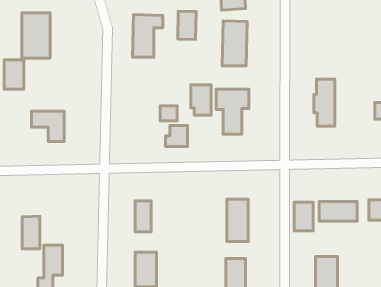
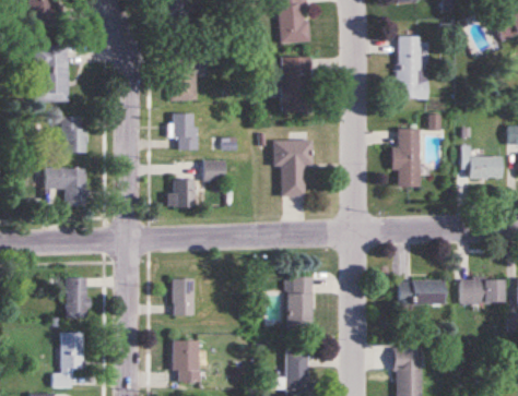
building: none -> [397,36,427,99]
building: [178,11,196,39] -> none
building: [4,60,24,89] -> [62,117,86,153]
building: [191,85,211,115] -> [172,113,197,151]
building: [165,125,188,147] -> [167,180,195,206]
building: [294,202,313,231] -> none
building: [22,216,40,249] -> [66,277,87,317]

